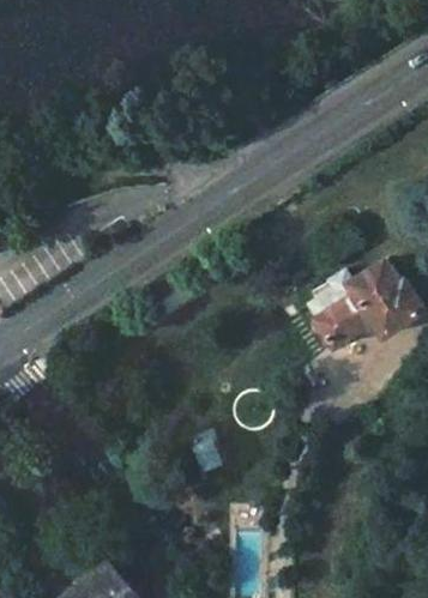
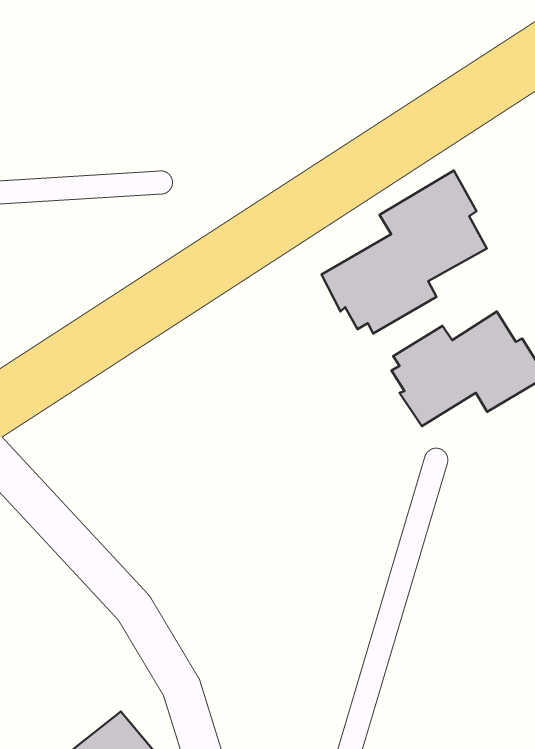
building: none -> [322,171,487,334]

